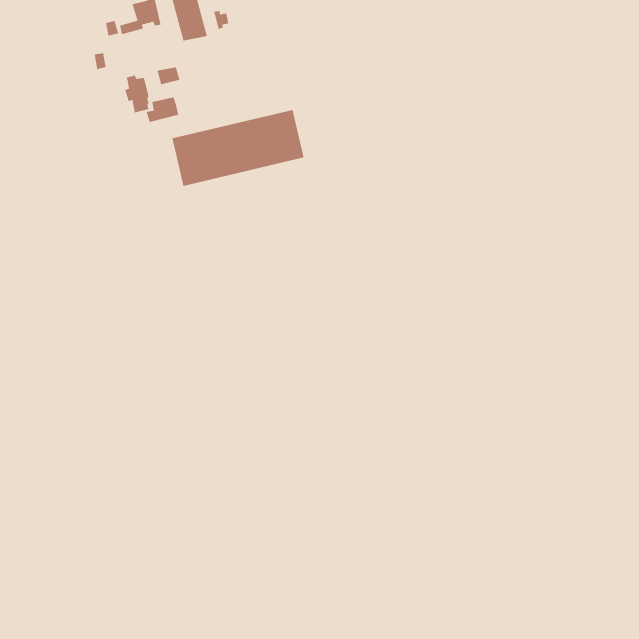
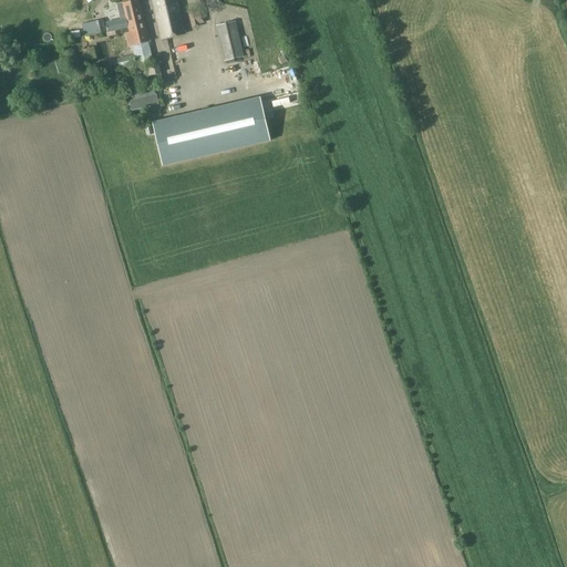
building: none -> [215,21,241,59]
building: [124,74,149,113] -> [125,20,147,54]

